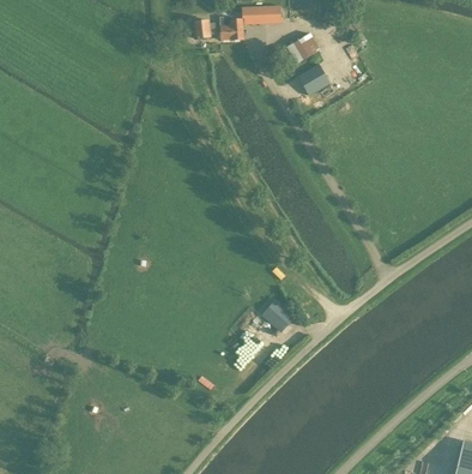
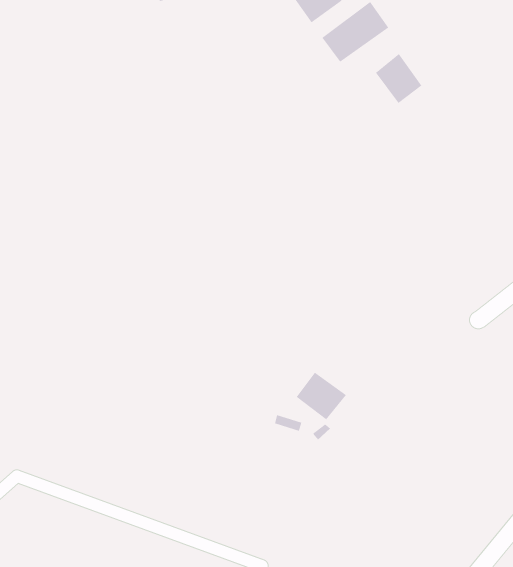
building: none -> [375,53,422,104]

